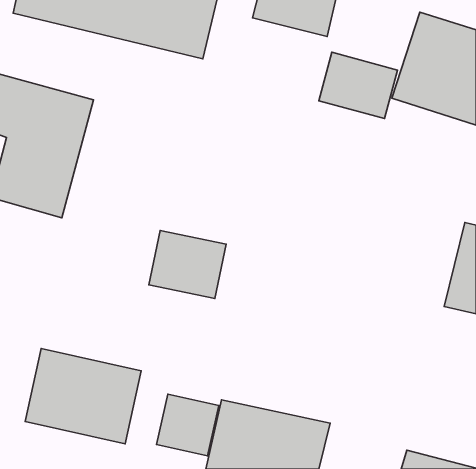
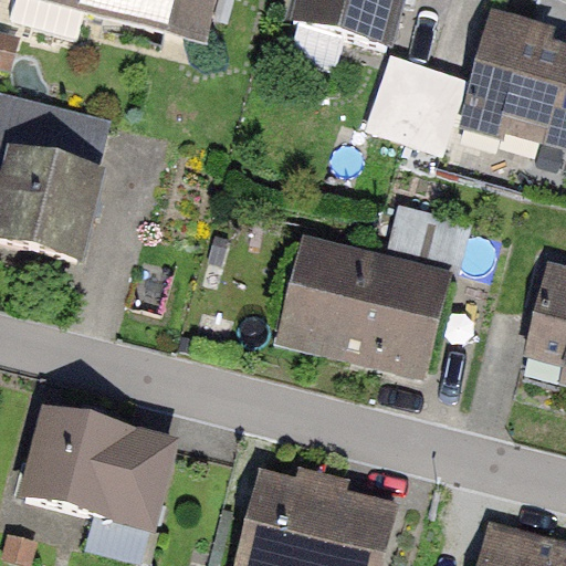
building: none -> [279,234,449,367]
building: [149,231,226,299] -> none
building: [156,394,219,456] -> none

